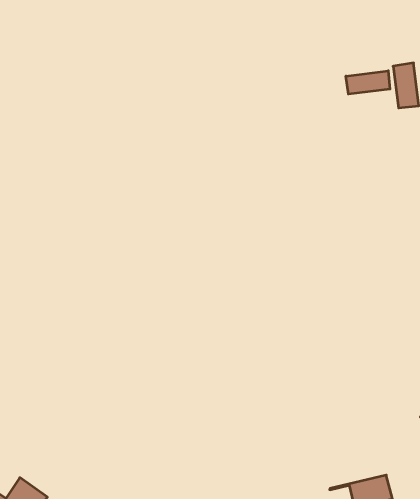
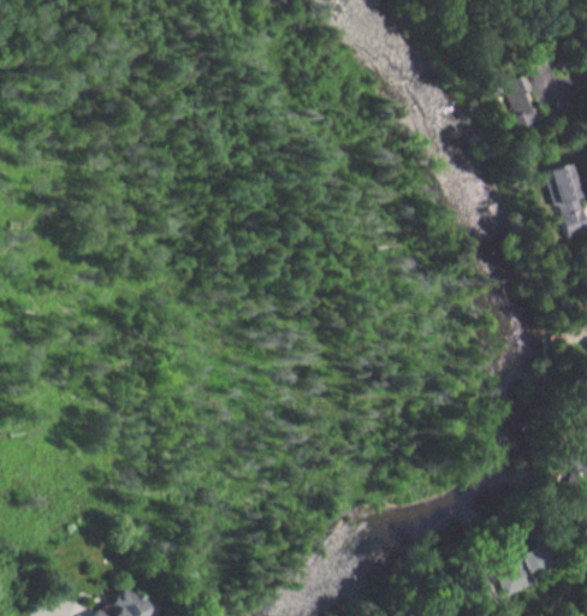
building: [346,71,390,94] -> none

